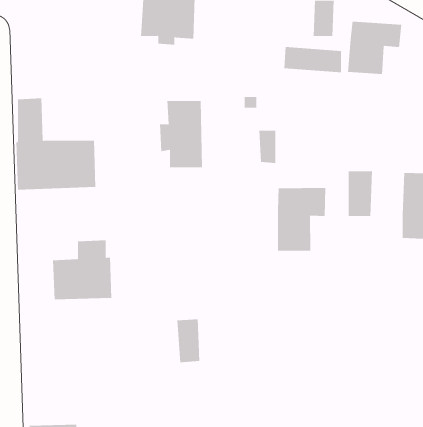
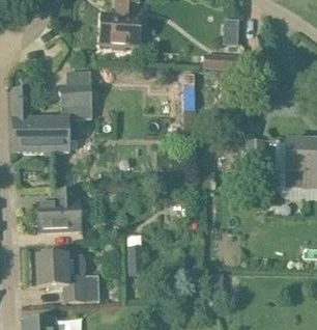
building: [348,21,402,75] -> none
building: [159,101,203,168] -> [61,70,92,117]
building: [277,187,326,252] -> none
building: none -> [36,254,98,302]

